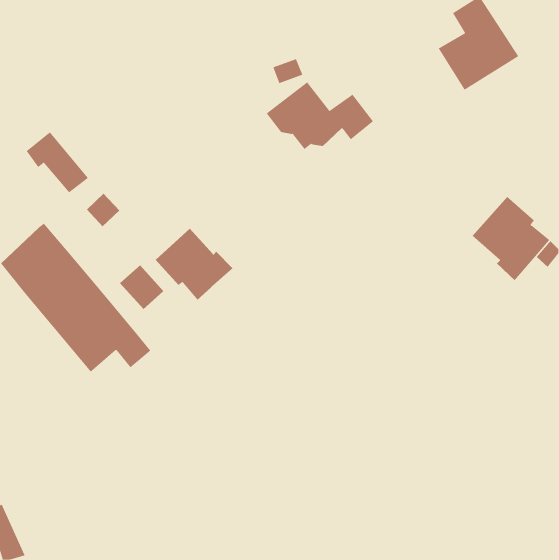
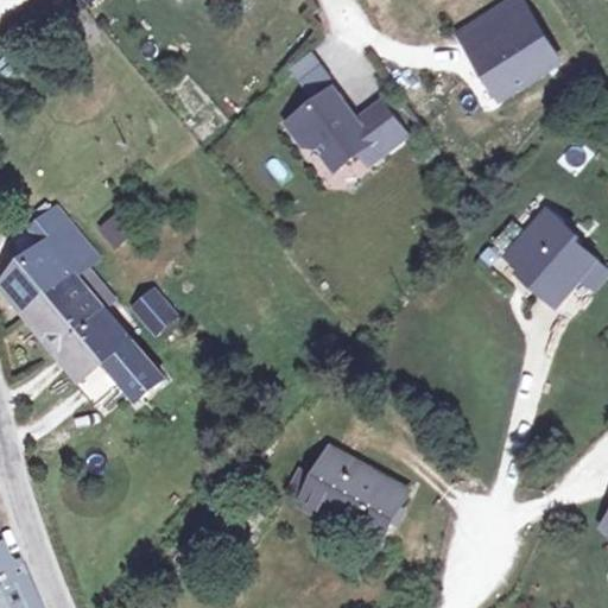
building: [26,131,89,193] -> [28,205,96,272]
building: [155,228,233,301] -> none
building: none -> [286,448,406,545]

